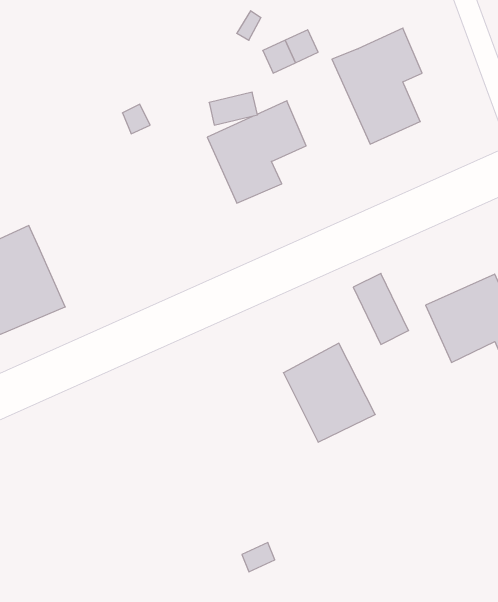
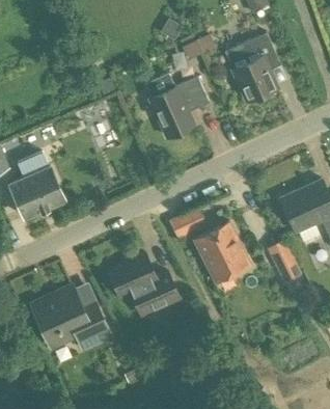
building: [353,273,409,344] -> [268,240,301,282]
building: none -> [169,208,207,240]
building: none -> [107,253,178,316]
building: none -> [31,287,106,347]

